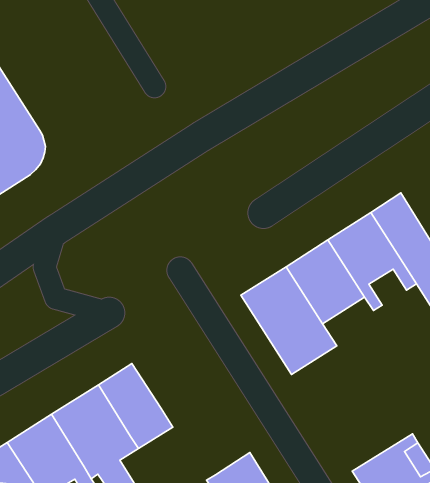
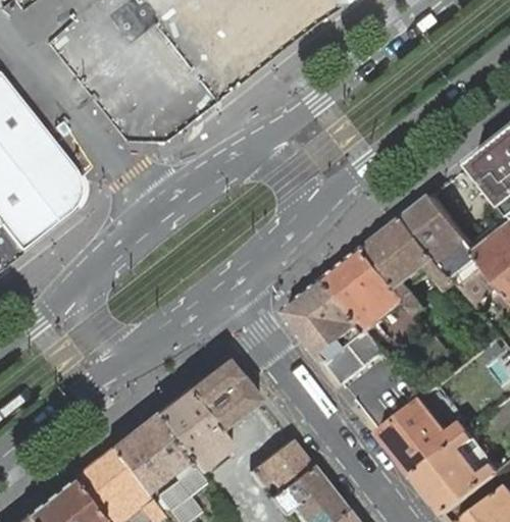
building: none -> [186,358,259,431]
building: none -> [380,389,470,474]
building: none -> [250,440,311,491]

